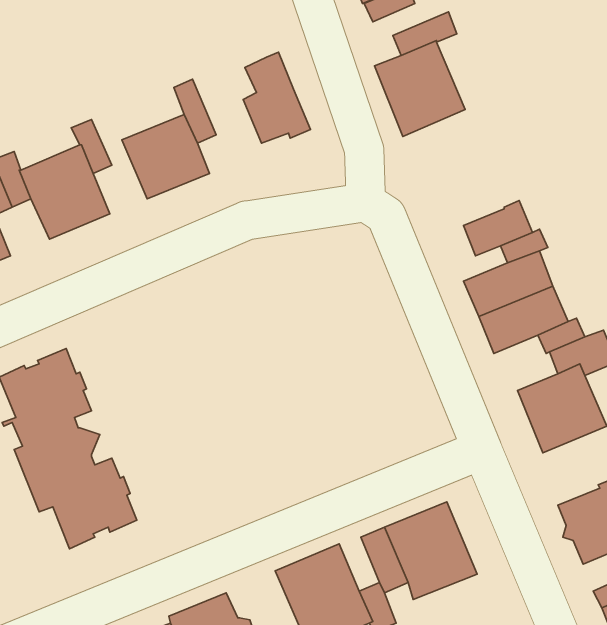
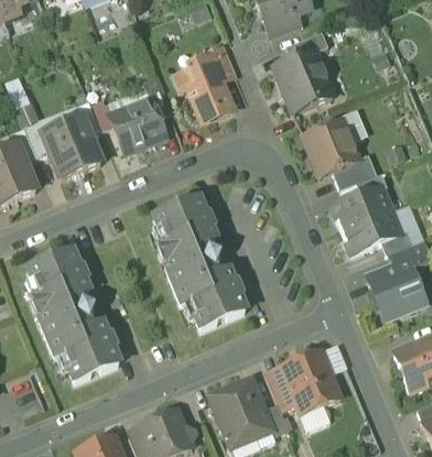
building: none -> [201,43,236,79]
building: none -> [303,118,358,170]
building: none -> [153,196,245,327]

